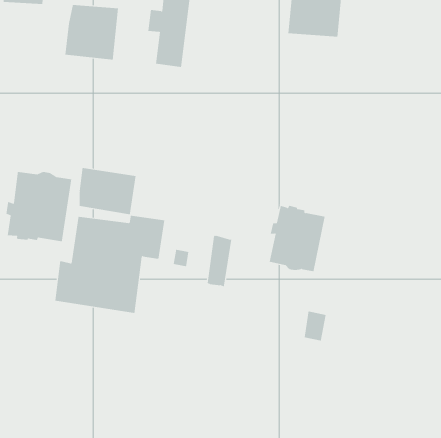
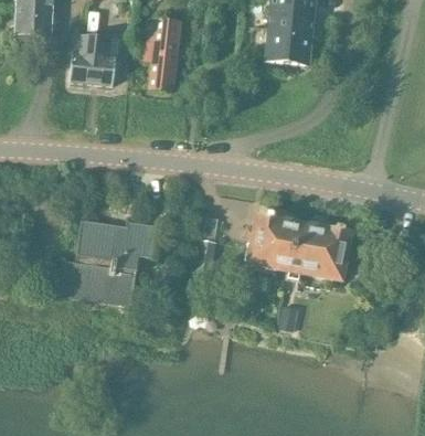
building: [79,167,136,215] -> none
building: [6,171,72,242] -> none
building: none -> [287,216,350,278]

